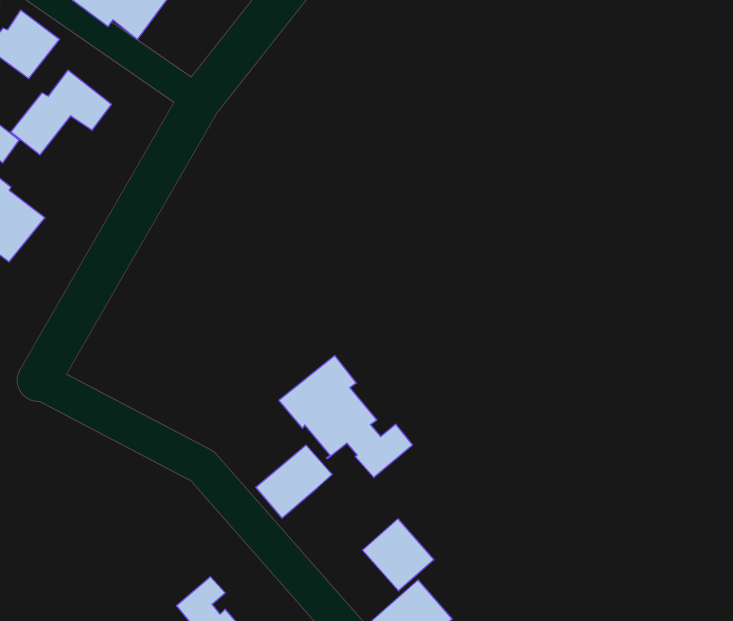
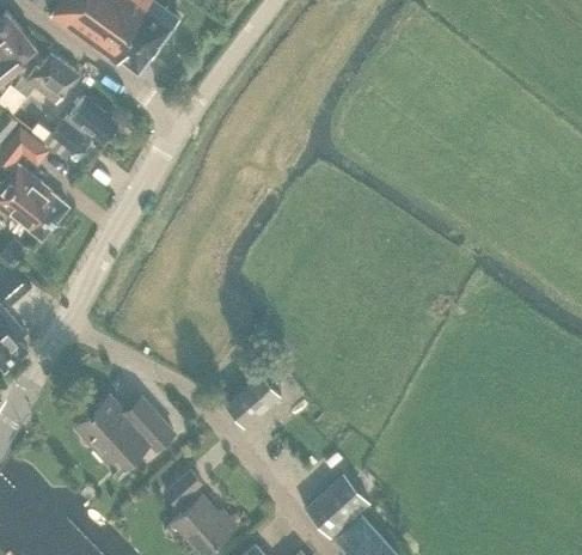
building: [279,356,412,478] -> none
building: none -> [75,395,174,463]
building: [363,519,434,591] -> none

